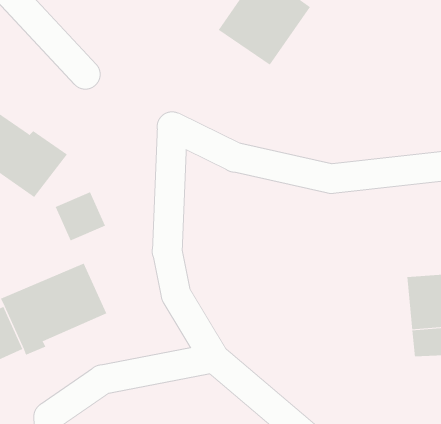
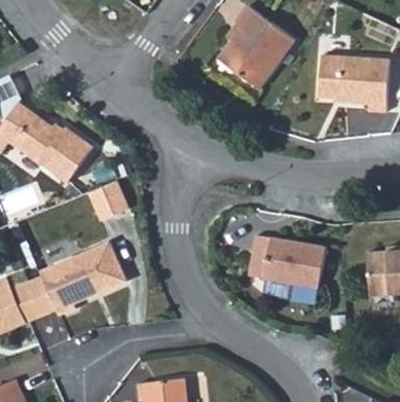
building: none -> [318,51,390,111]
building: none -> [247,240,322,294]

